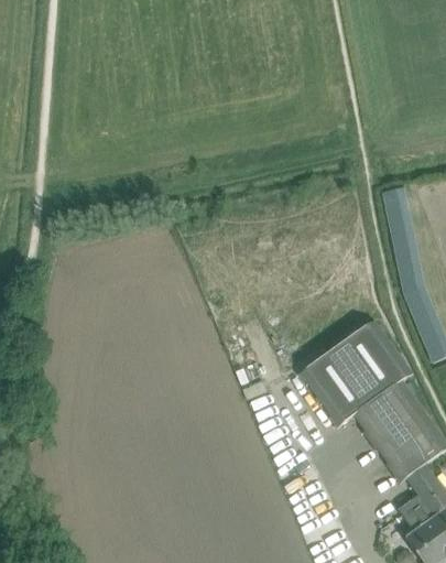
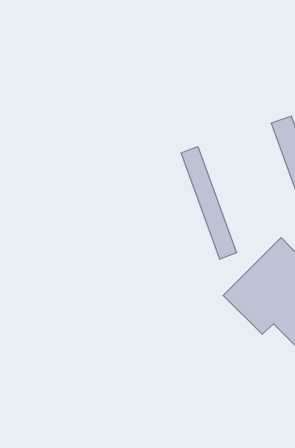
building: none -> [181,147,236,259]

